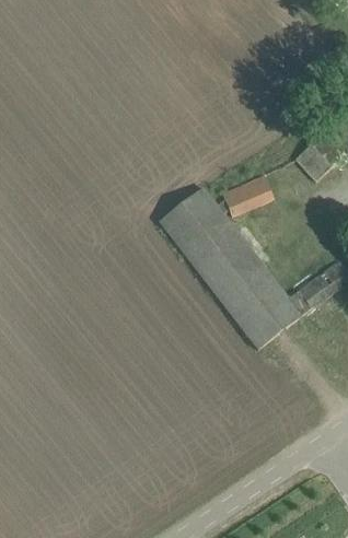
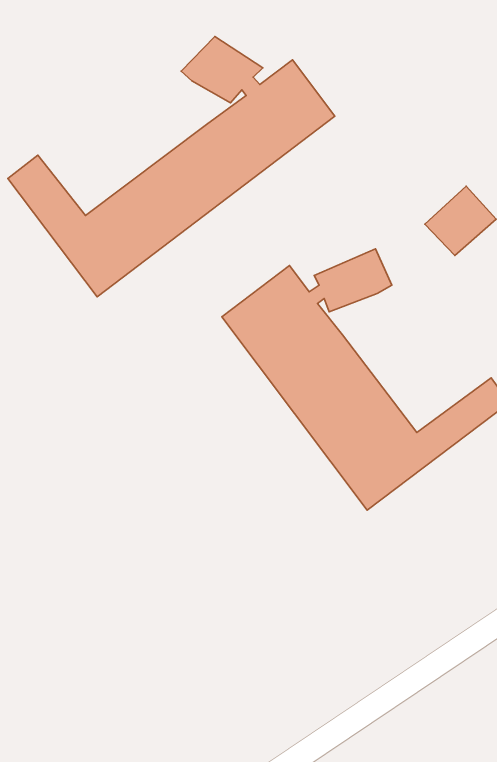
building: none -> [8,37,335,297]

